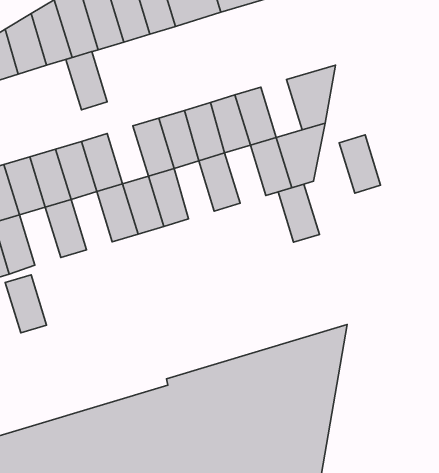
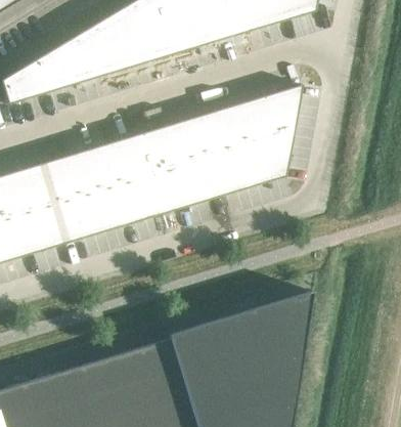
building: [66,52,107,110] -> [121,133,153,179]
building: [339,135,381,193] -> [242,96,275,142]
building: none -> [174,161,206,207]
building: [278,184,319,242] -> [214,148,247,195]
building: none -> [92,185,125,231]
building: [5,275,47,333] -> [51,198,84,244]

